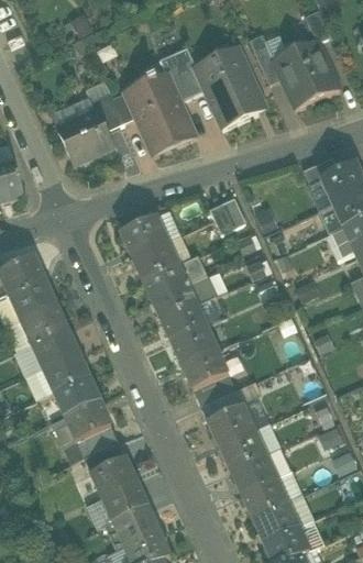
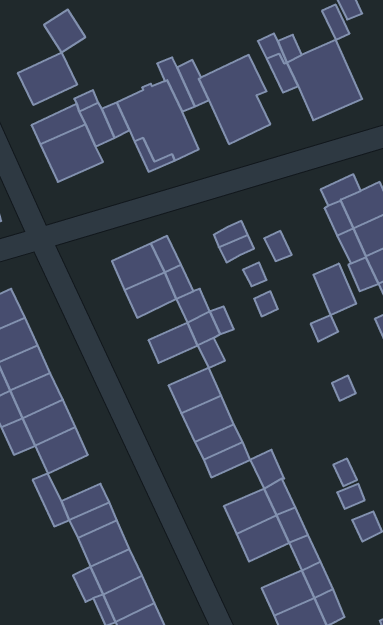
building: none -> [18,52,77,105]
building: none -> [313,263,356,315]
building: [143,265,187,301] -> none
building: [162,306,206,341] -> none
building: [65,401,111,442] -> none
building: [208,406,254,446] -> none
building: [241,478,287,518] -> none

